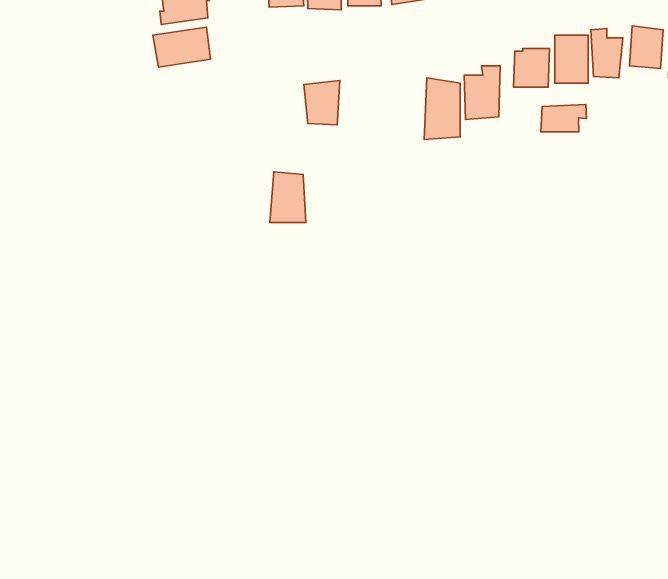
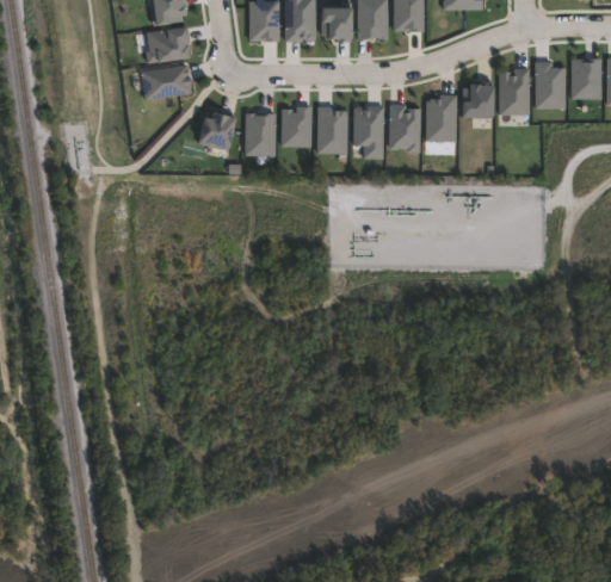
building: none -> [204,107,241,146]
building: none -> [315,110,347,156]
building: none -> [353,110,383,160]
building: [541,104,586,132] -> none
building: [270,172,306,223] -> [243,116,276,161]

